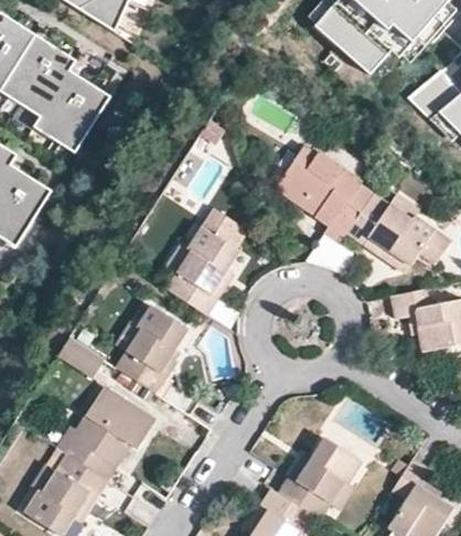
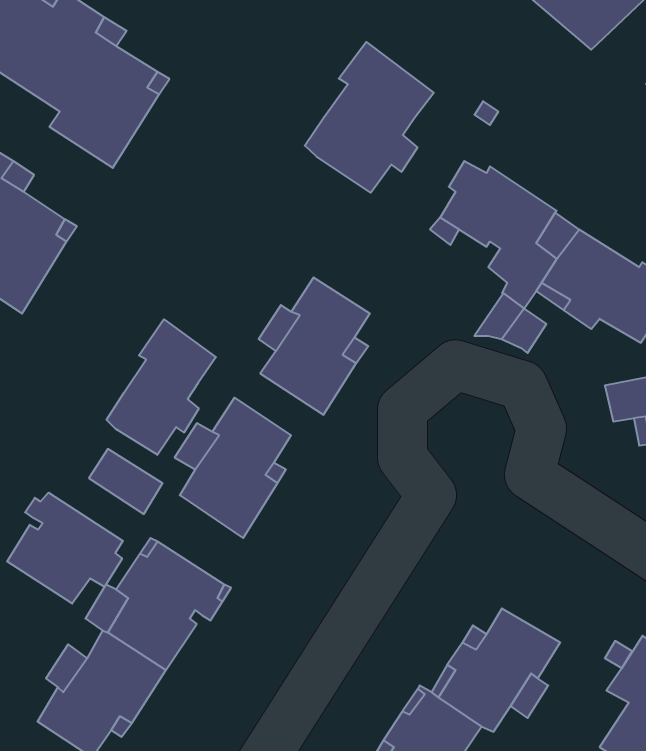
building: none -> [305,42,434,193]
building: none -> [107,319,216,455]
building: none -> [7,493,123,604]

